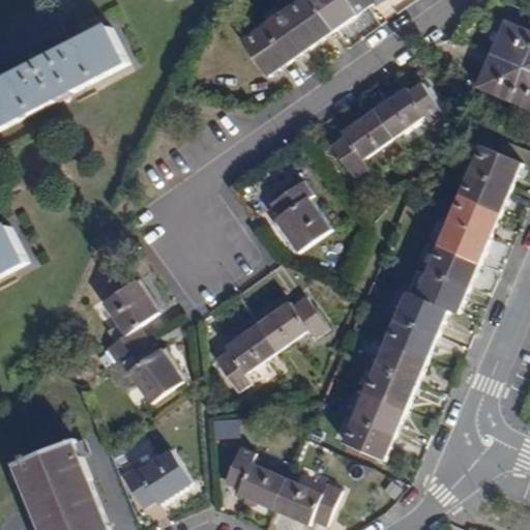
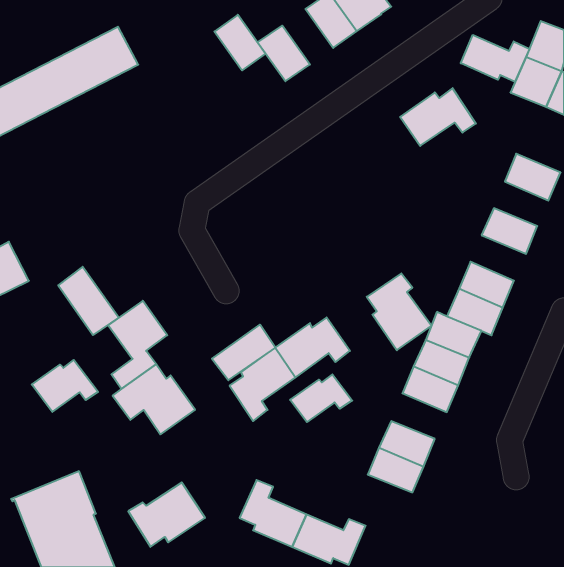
building: [262,8,310,60] -> [214,15,266,70]
building: none -> [461,35,529,82]
building: [329,109,390,177] -> none
building: [459,169,509,210] -> none
building: [268,180,328,252] -> [367,273,431,350]
building: [437,218,489,261] -> none
building: none -> [58,267,119,335]
building: none -> [212,325,275,380]
building: none -> [32,360,98,412]
building: none -> [290,374,352,422]
building: [363,365,415,408] -> none

